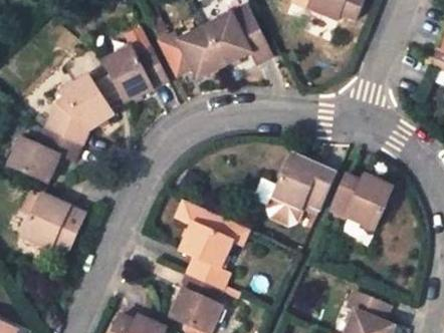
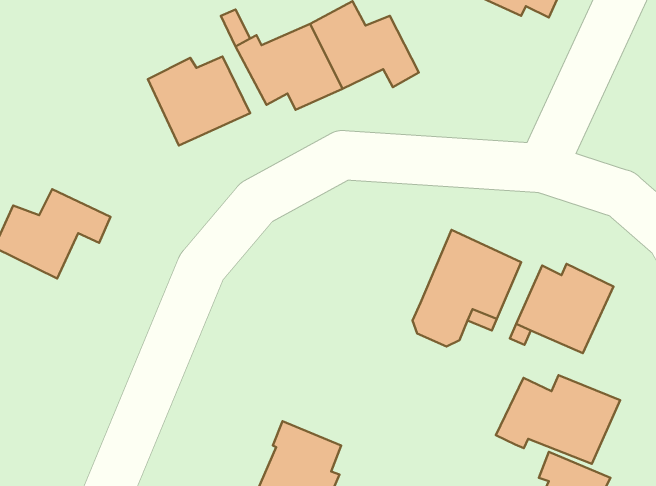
building: [45,75,113,144] -> none
building: [21,193,86,251] -> none
building: [175,199,248,286] -> none
building: none -> [496,375,620,464]

